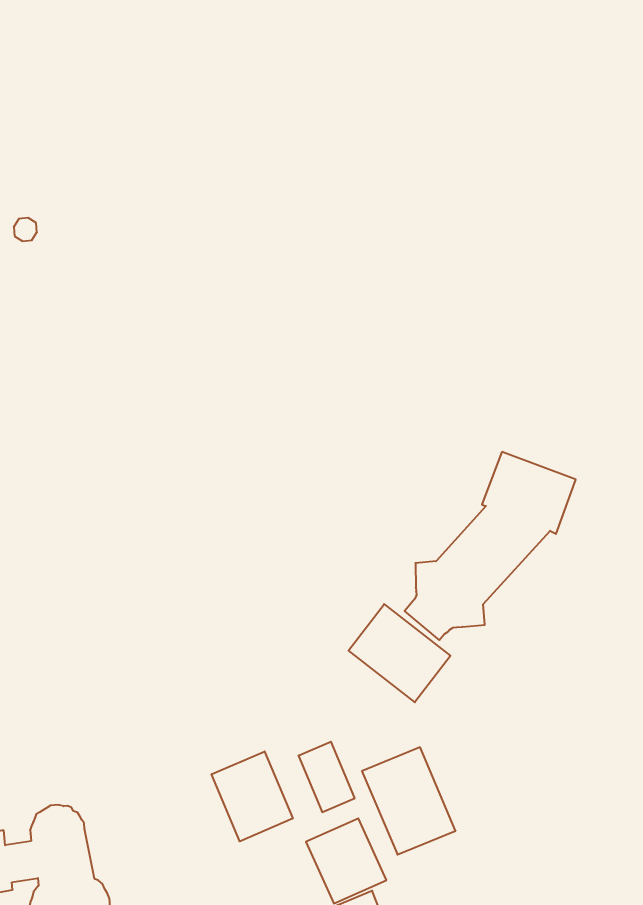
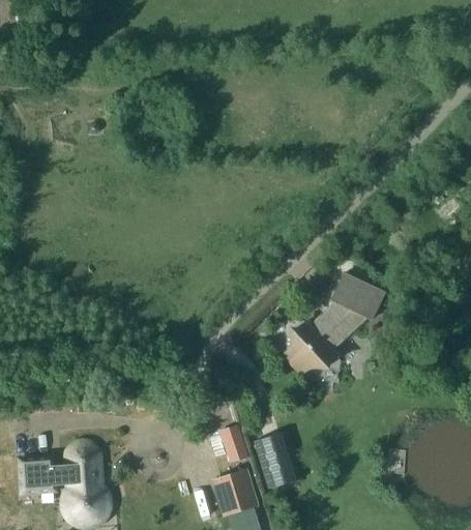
building: [349,604,450,702] -> none
building: [212,751,293,841] -> none

